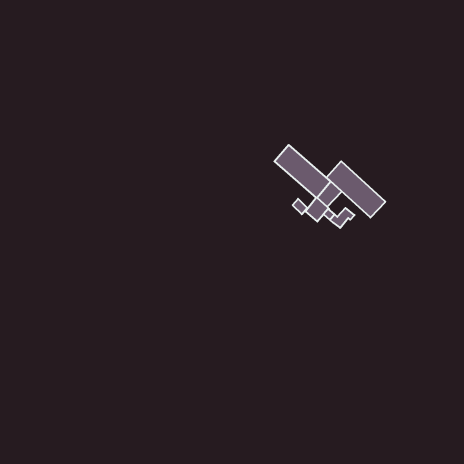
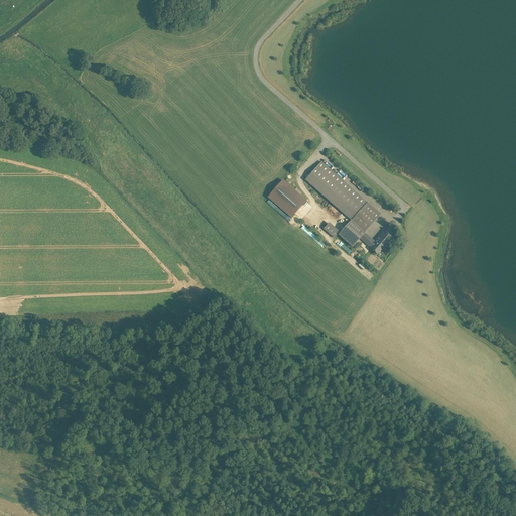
building: [327,161,385,218] -> none
building: none -> [267,178,307,217]

